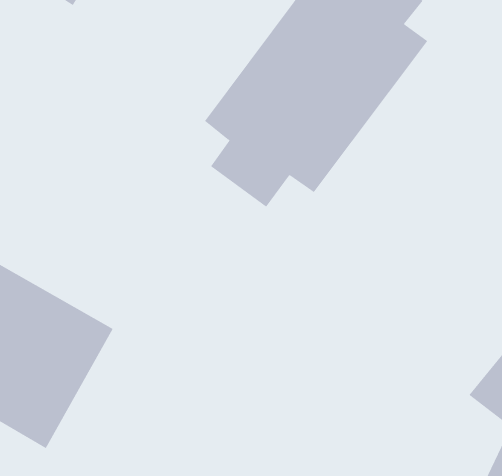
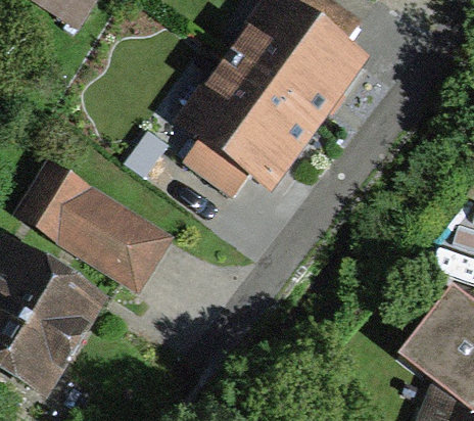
building: none -> [14,159,176,296]

